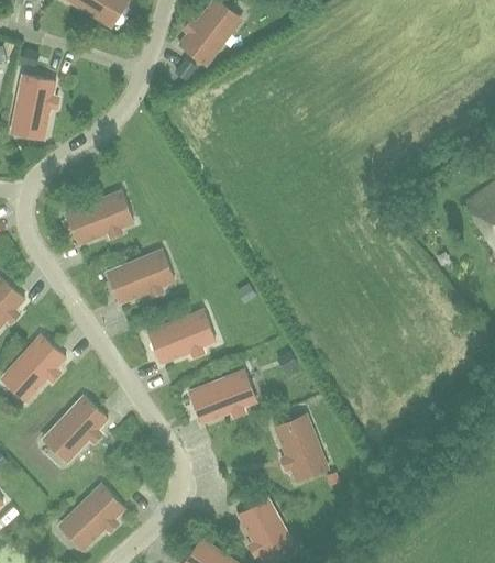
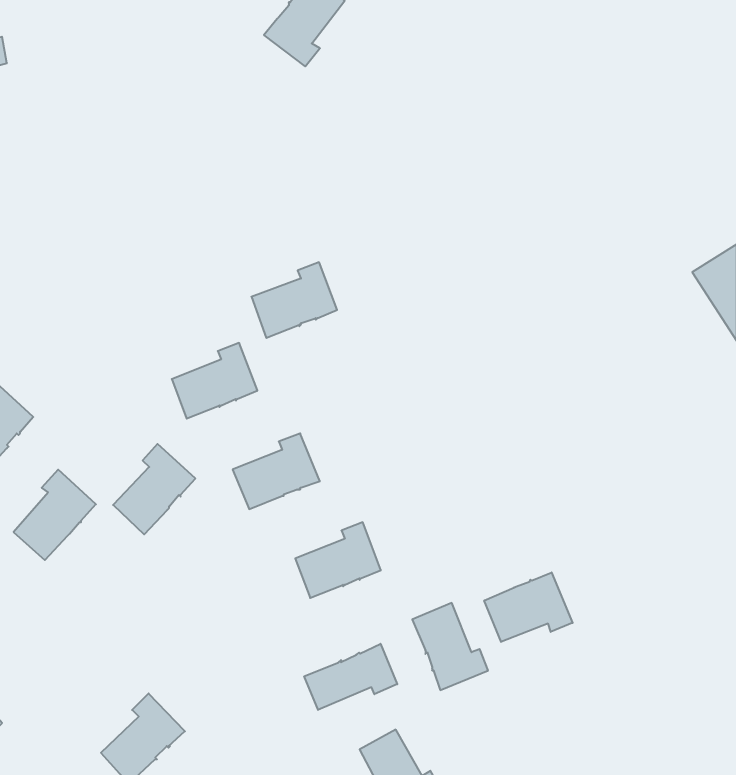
building: [16,75,54,131] -> none
building: [75,191,132,242] -> [251,262,337,338]
building: [52,396,107,456] -> [113,444,195,534]
building: none -> [484,572,573,642]
building: none -> [304,644,397,710]

